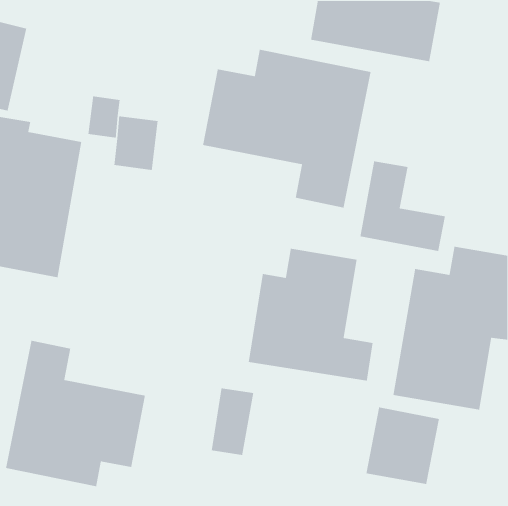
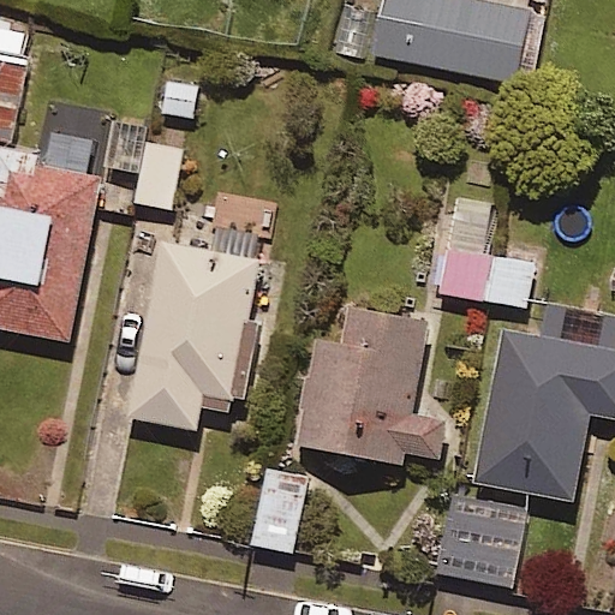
building: [202,49,372,208] -> none
building: none -> [129,220,264,430]
building: [5,340,146,487] -> none

